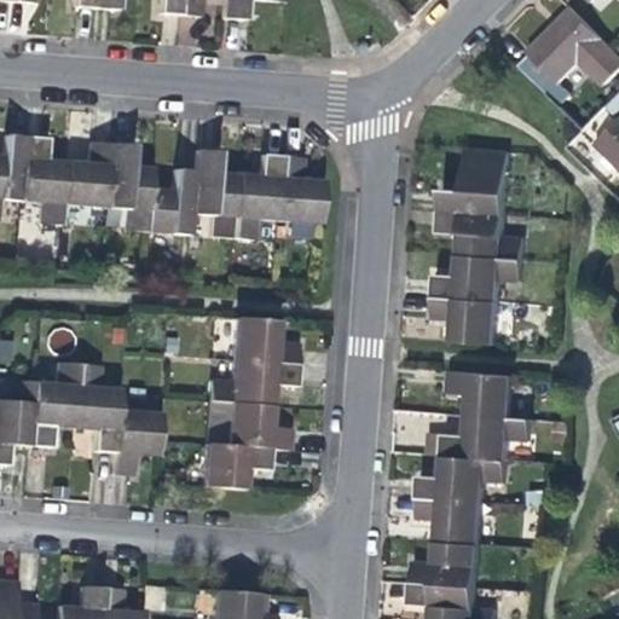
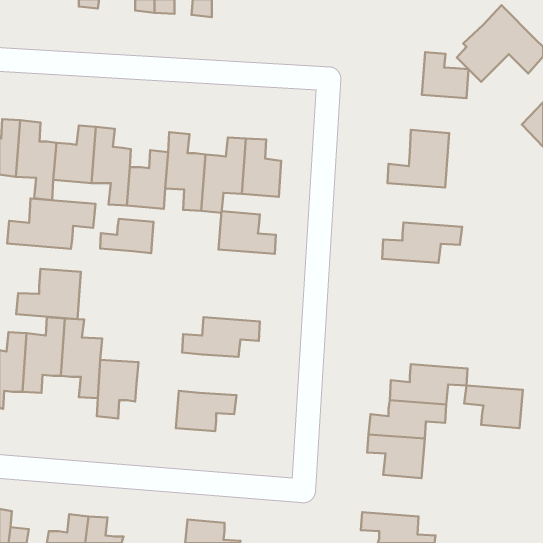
building: none -> [422,52,468,98]
building: [439,208,526,258] -> none
building: none -> [7,198,96,249]
building: none -> [100,219,154,253]
building: [432,294,498,342] -> none
building: none -> [16,269,81,319]
building: [231,317,296,365] -> [218,211,276,254]
building: [447,369,514,417] -> [464,385,523,428]
building: [226,403,291,451] -> none
building: [411,539,479,586] -> none

